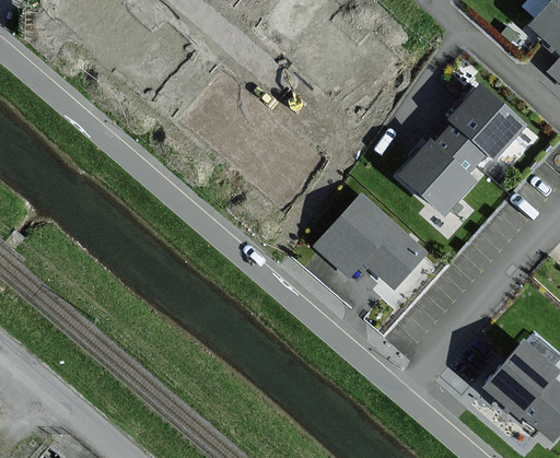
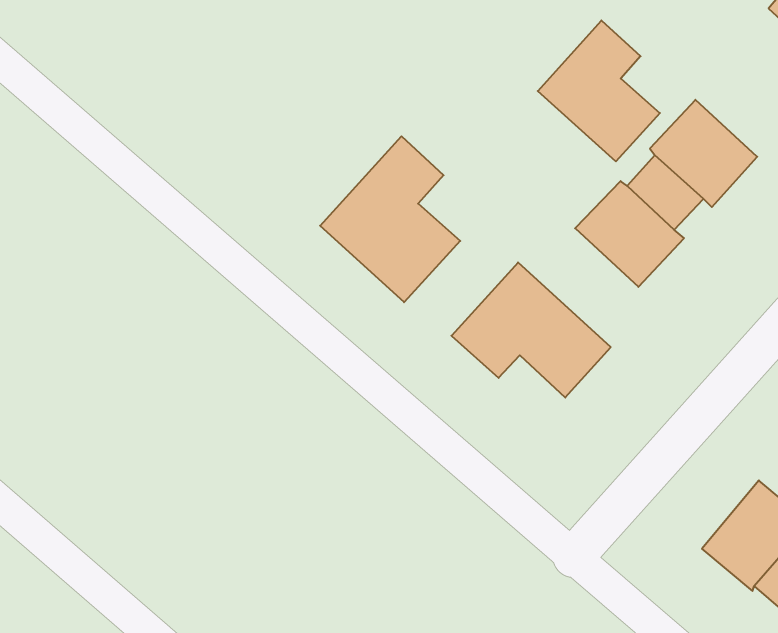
building: none -> [538,20,660,161]
building: none -> [320,136,460,302]

